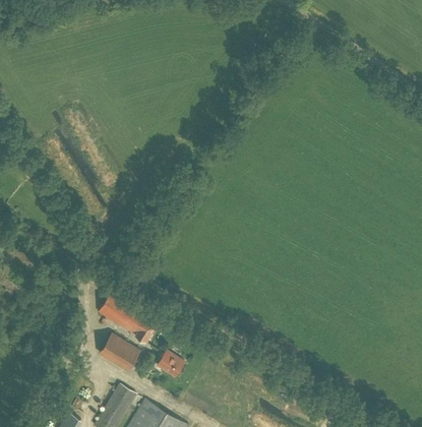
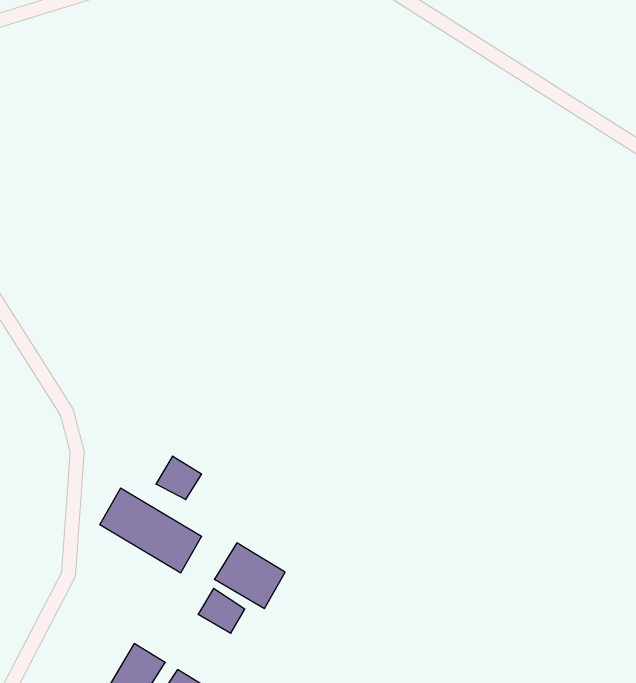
building: none -> [156,456,201,500]
building: [99,333,140,372] -> [214,543,285,609]

